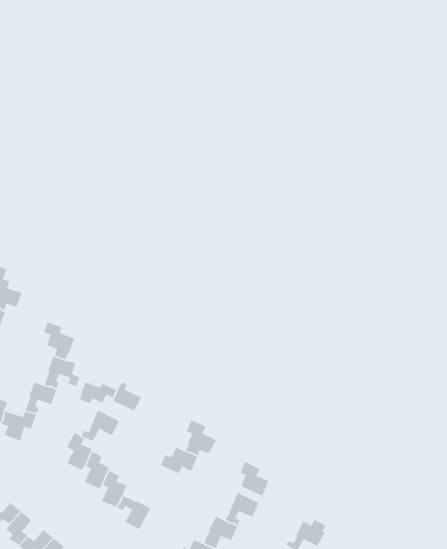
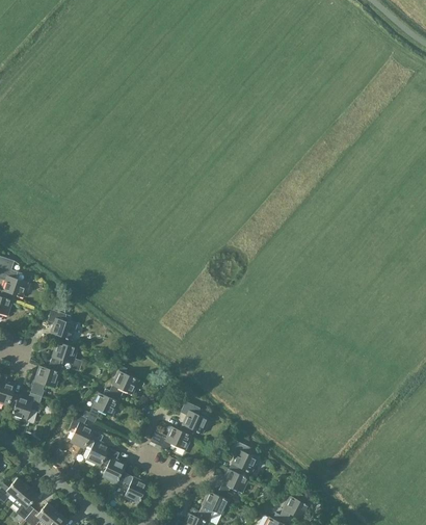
building: [75,381,117,404] -> none

